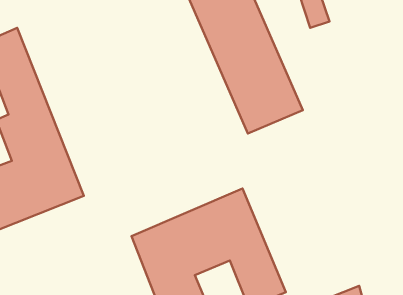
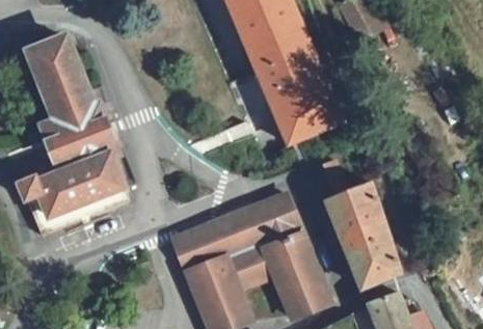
building: none -> [332,185,399,282]

